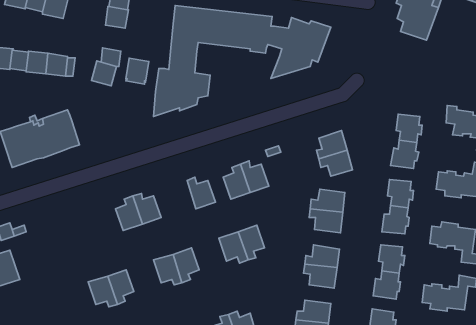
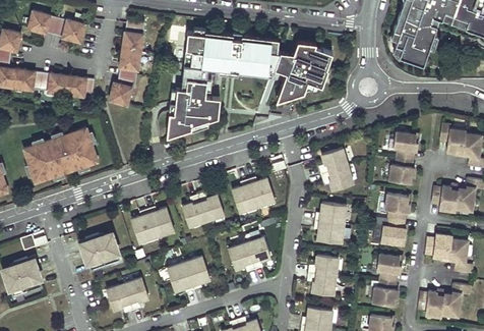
building: [126,58,149,84] -> [119,49,140,73]
building: none -> [182,195,206,227]
building: none -> [81,234,120,270]

